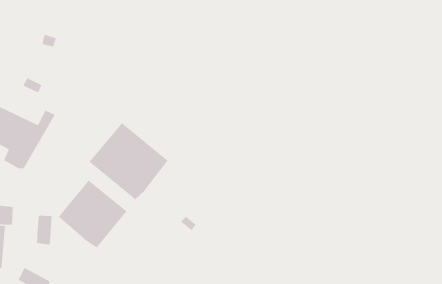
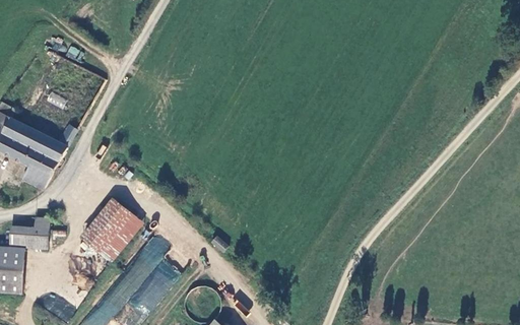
building: [88,122,169,200] -> none
building: [36,215,53,245] -> [31,216,49,249]

